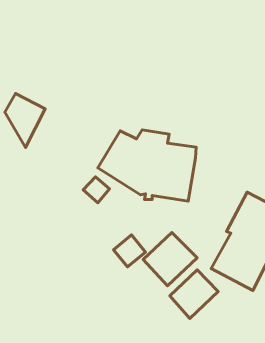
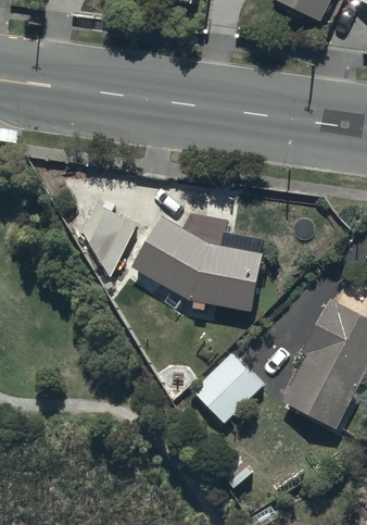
building: [5,93,45,148] -> [83,204,136,276]
building: [170,270,218,318] -> none

